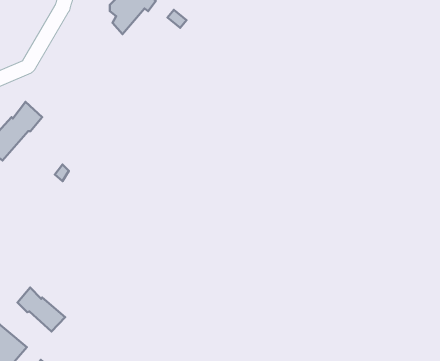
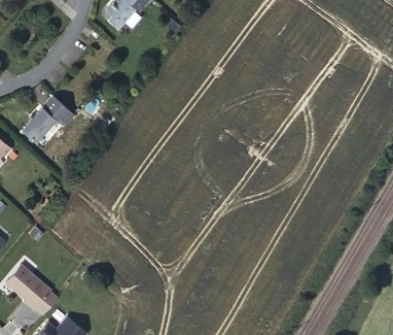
building: [17,287,65,331] -> none

